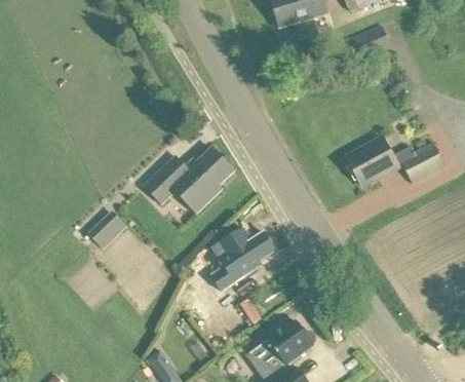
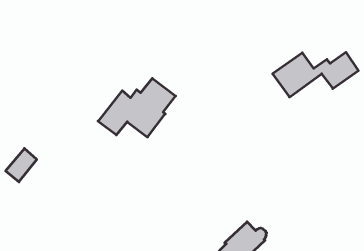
building: [88,213,125,250] -> [6,148,37,182]
building: [212,230,273,288] -> none

